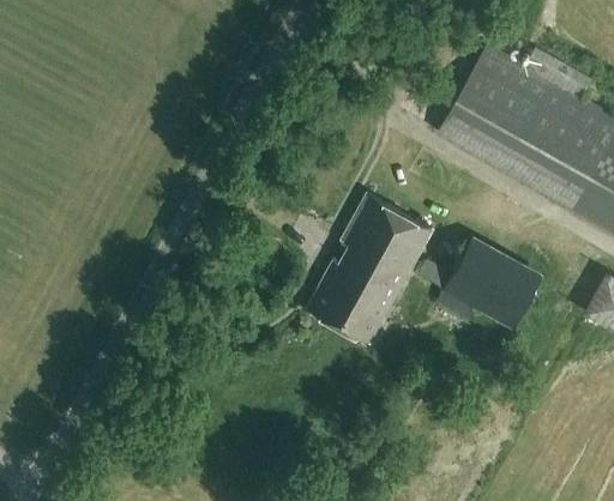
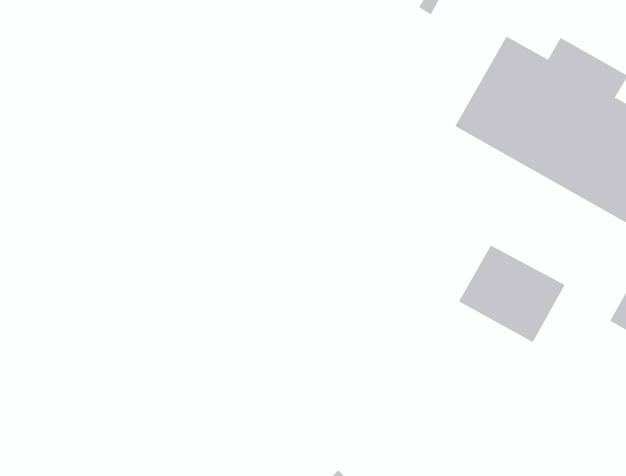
building: [307,195,432,343] -> none

